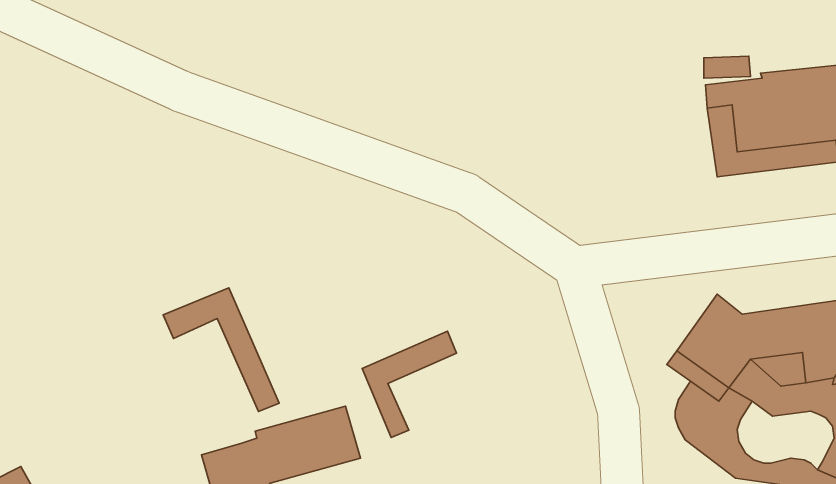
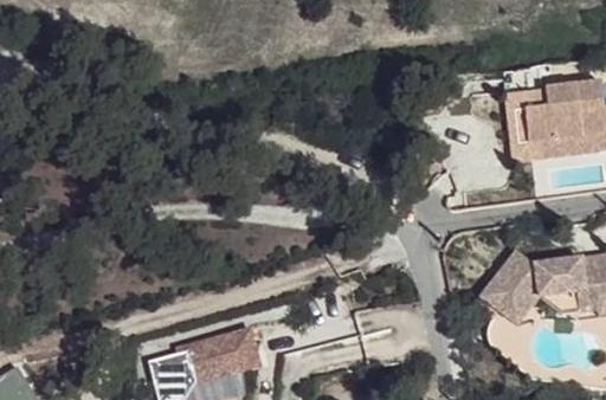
building: [163,288,279,411] -> none
building: [362,331,456,438] -> none

